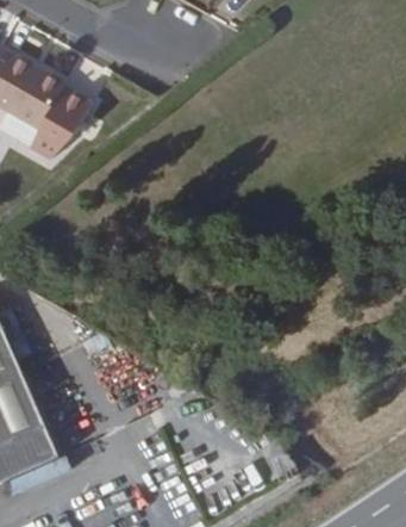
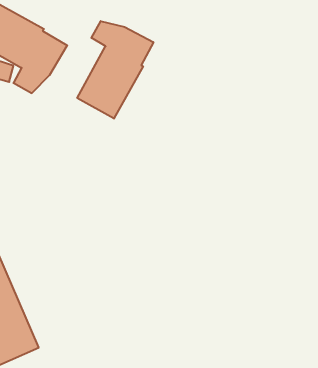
building: none -> [77,21,153,119]

